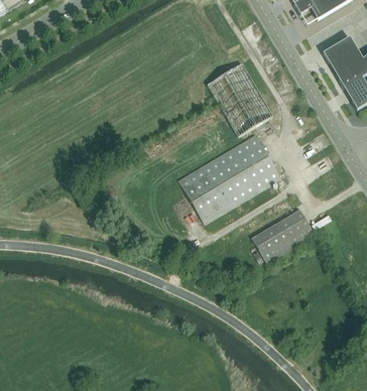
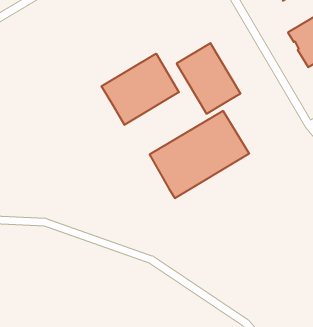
building: none -> [101,54,179,125]
building: [251,209,316,264] -> none

